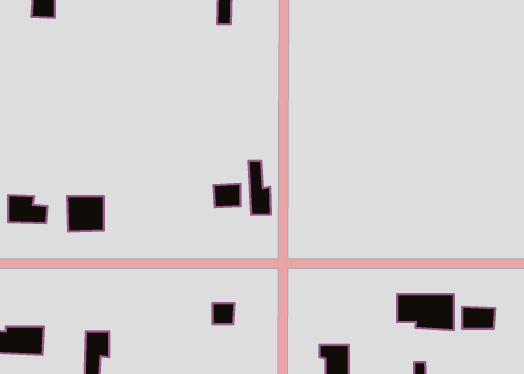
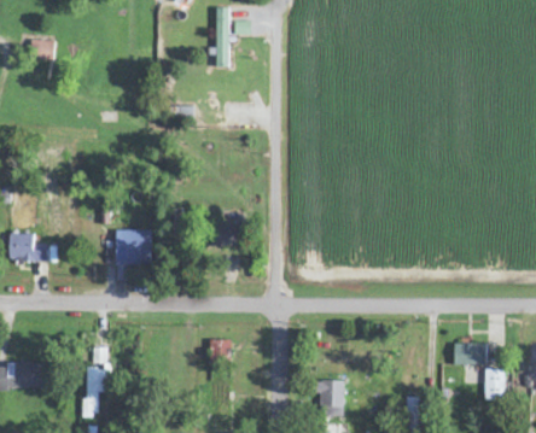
building: [249,161,271,215] -> none
building: [67,196,104,232] -> [115,229,151,264]
building: [397,294,454,330] -> none
building: none -> [484,368,503,399]

